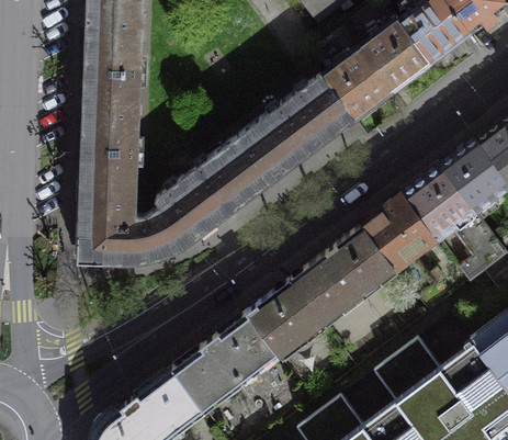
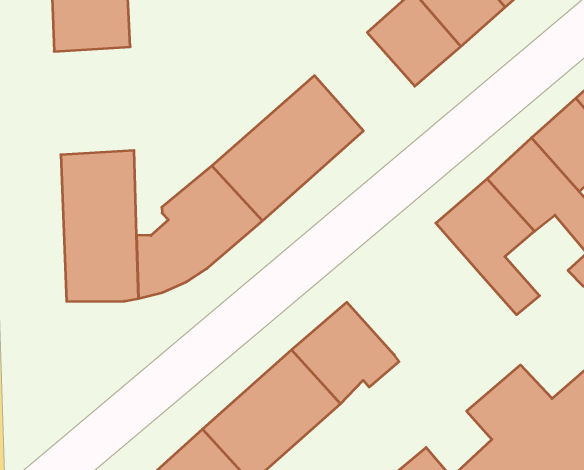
building: [84,69,144,149] -> none
building: [282,72,358,148] -> none
building: [293,223,398,320] -> none

